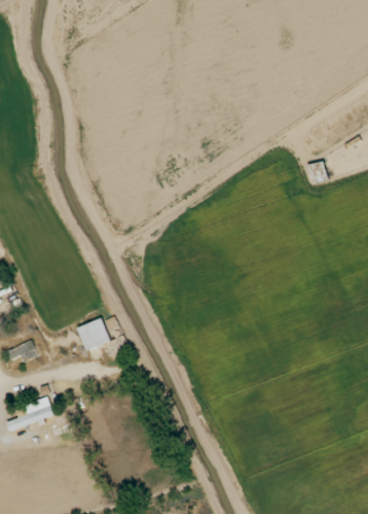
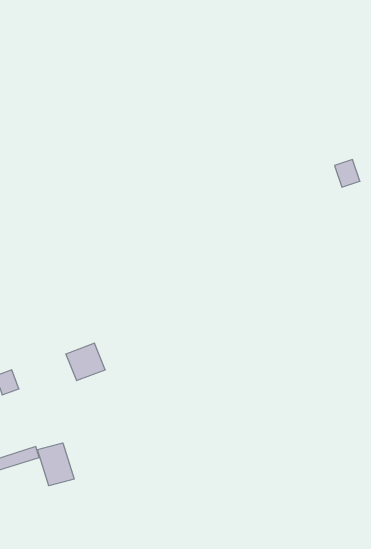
building: none -> [37,443,74,486]

